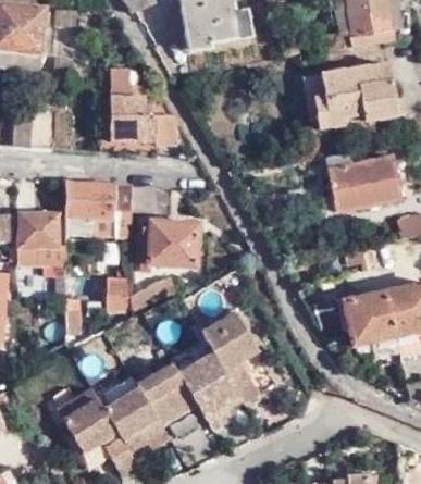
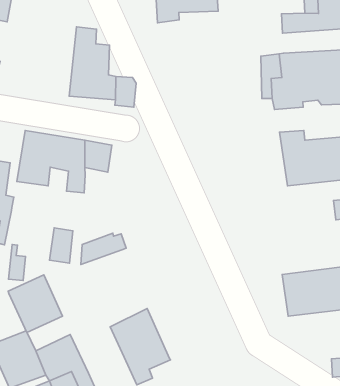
building: [145,221,203,272] -> none
building: [199,309,258,399] -> none
building: [135,362,194,423] -> [8,275,63,332]

